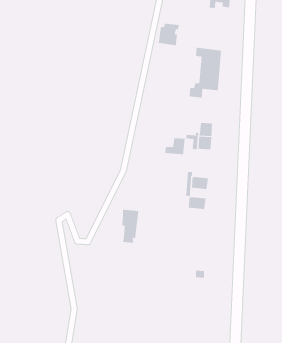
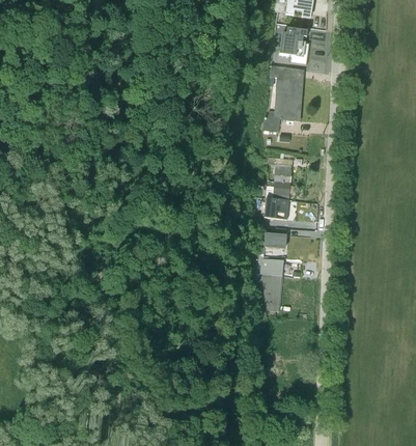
building: [158,23,180,46] -> [278,29,306,58]
building: [165,138,185,155] -> [262,196,289,218]
building: [121,209,139,243] -> [258,272,281,315]

